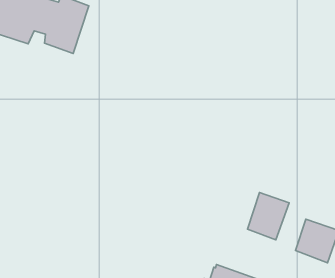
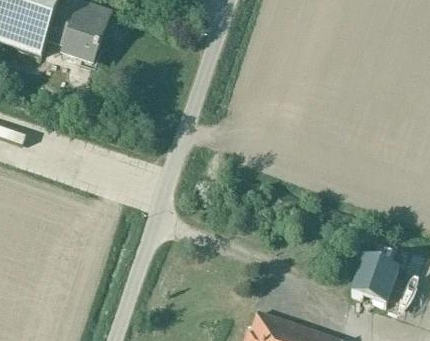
building: [247,192,289,240] -> none

